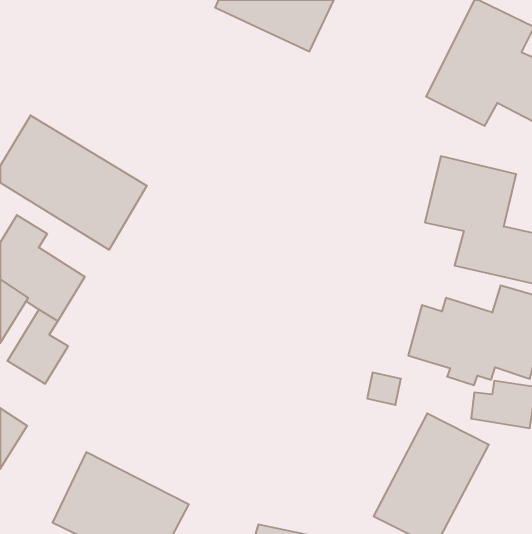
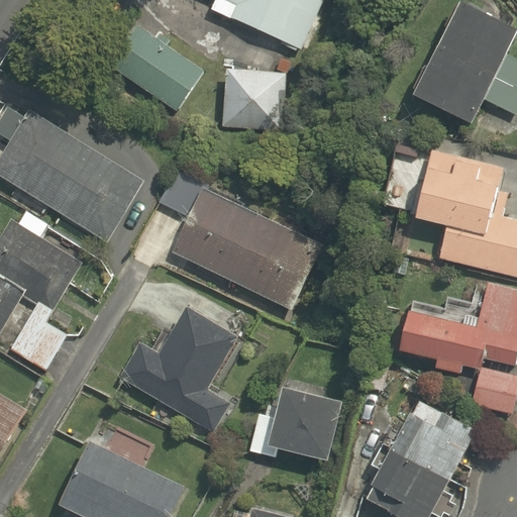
building: none -> [112,22,211,113]
building: none -> [220,67,287,132]
building: none -> [156,172,318,309]
building: none -> [122,309,236,438]
building: none -> [249,384,339,457]

